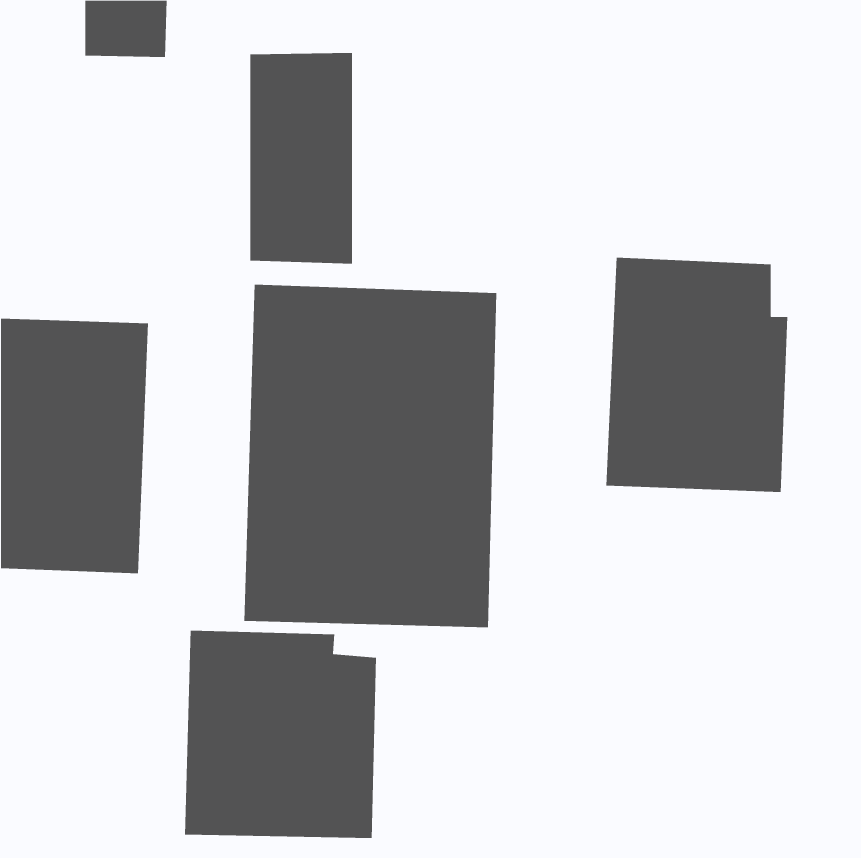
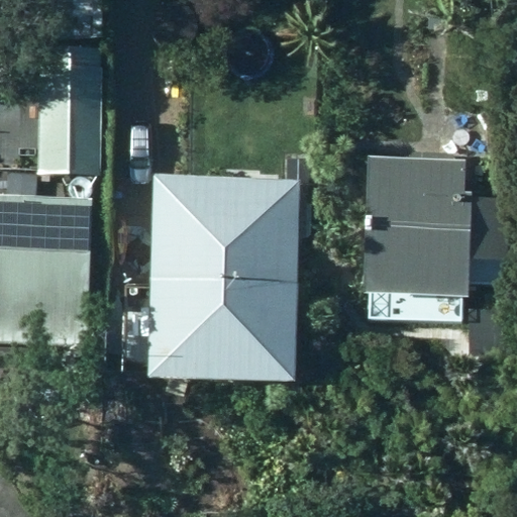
building: [250,53,353,264] -> [38,48,100,175]
building: [184,630,377,839] -> none

